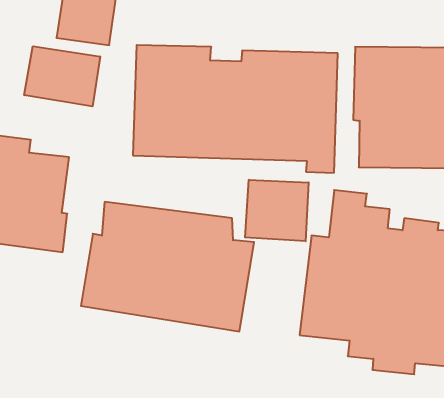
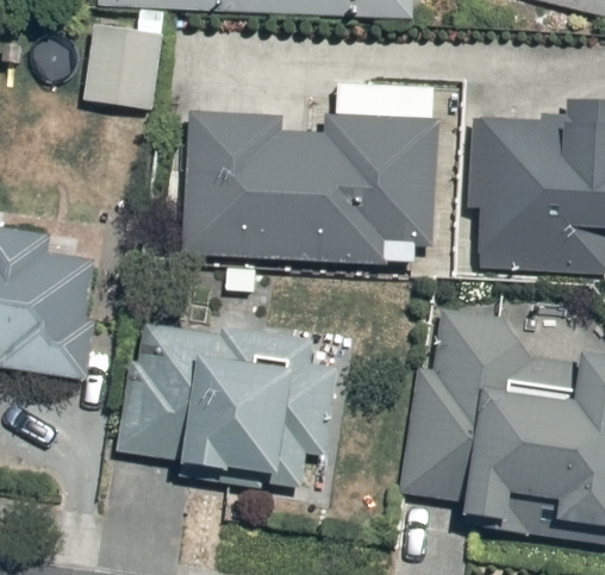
building: [24,46,100,106] -> none
building: [245,180,309,241] -> none

